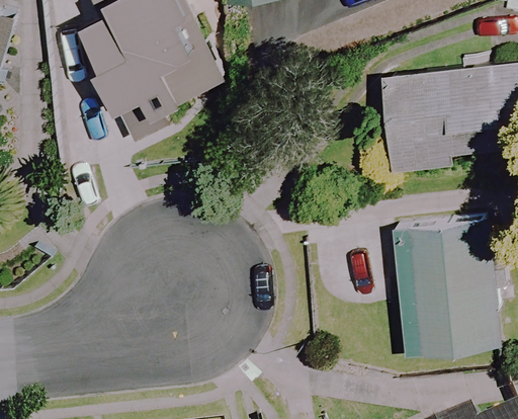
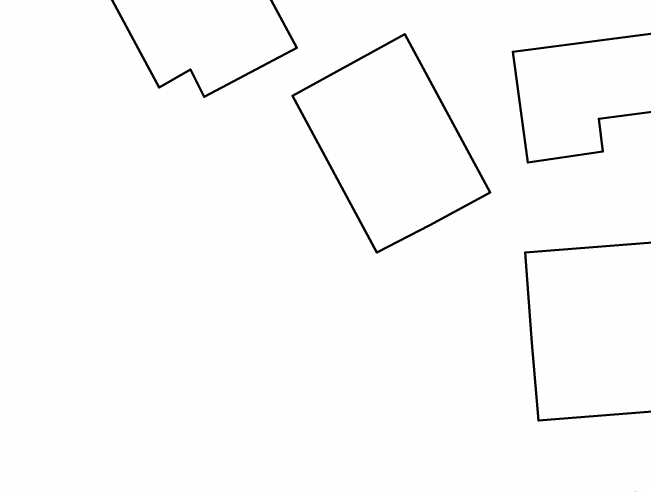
building: none -> [293,34,490,252]

